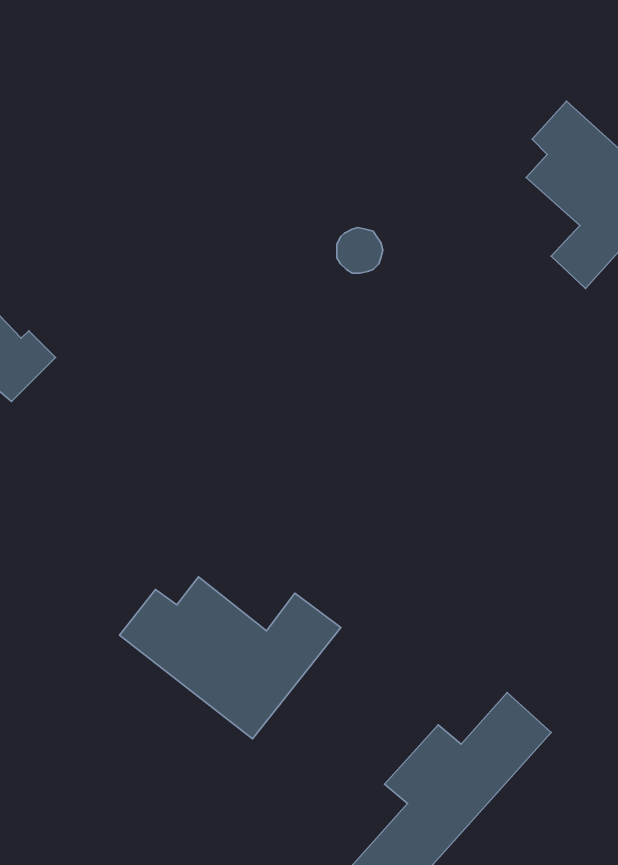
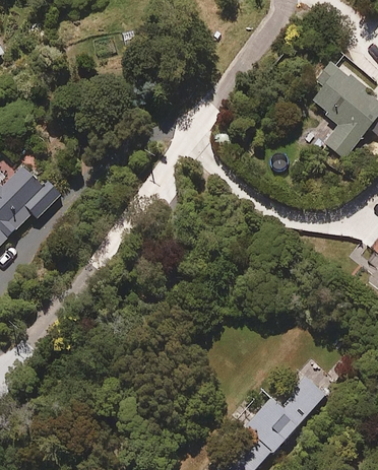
building: [120,577,341,739] -> none

